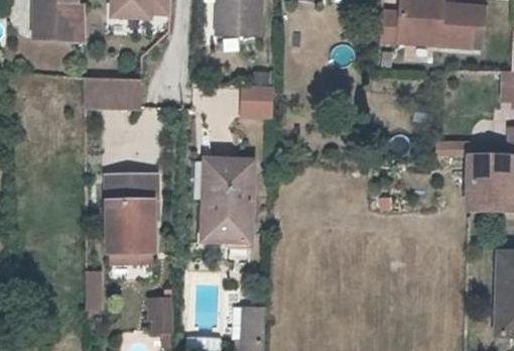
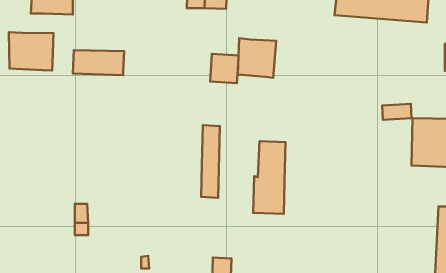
building: none -> [9,32,54,70]
building: none -> [238,38,276,78]
building: [196,163,232,245] -> [253,141,285,214]
building: [106,170,155,256] -> none

